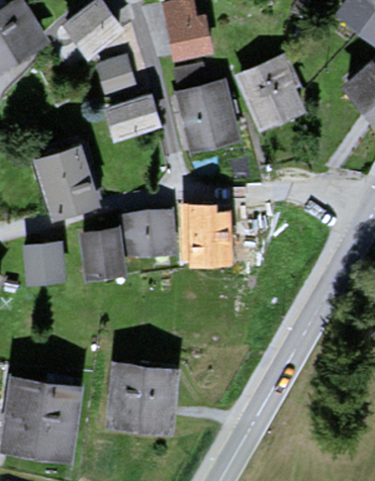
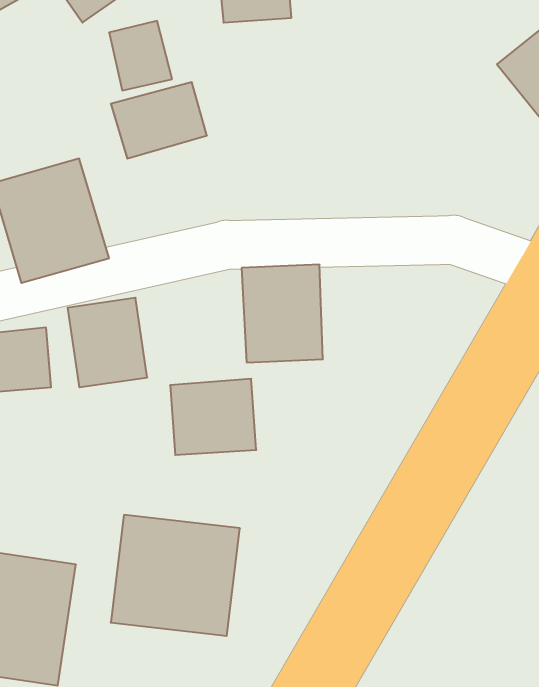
building: [233,51,303,130] -> none
building: [176,80,242,154] -> none
building: [124,213,177,260] -> [170,379,256,455]

